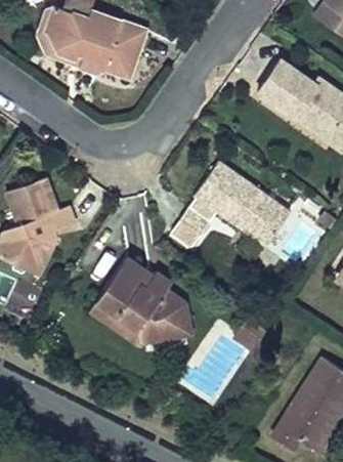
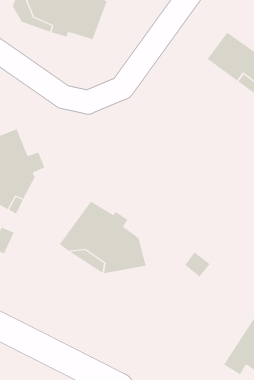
building: [171,158,293,247] -> none

